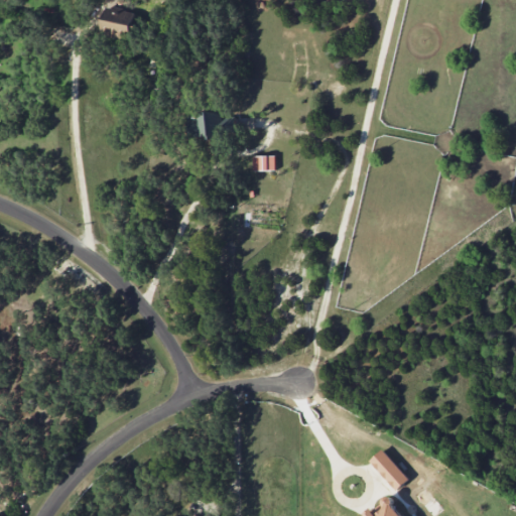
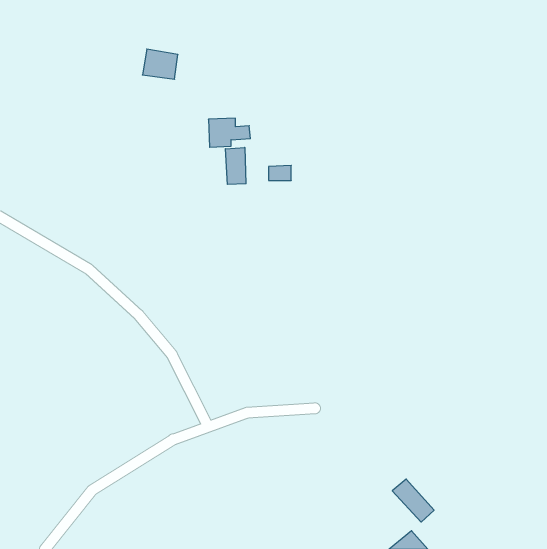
building: [100,8,133,36] -> [142,49,178,79]
building: none -> [225,147,246,184]

